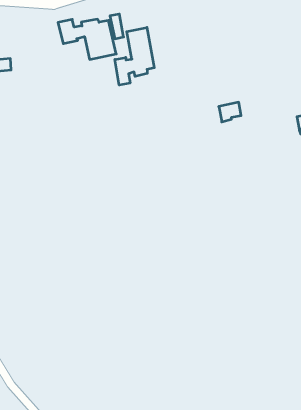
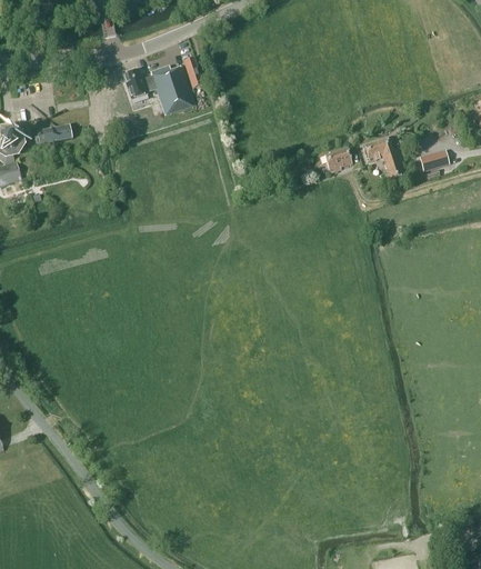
building: [115,27,154,85] -> none
building: none -> [363,138,402,179]

